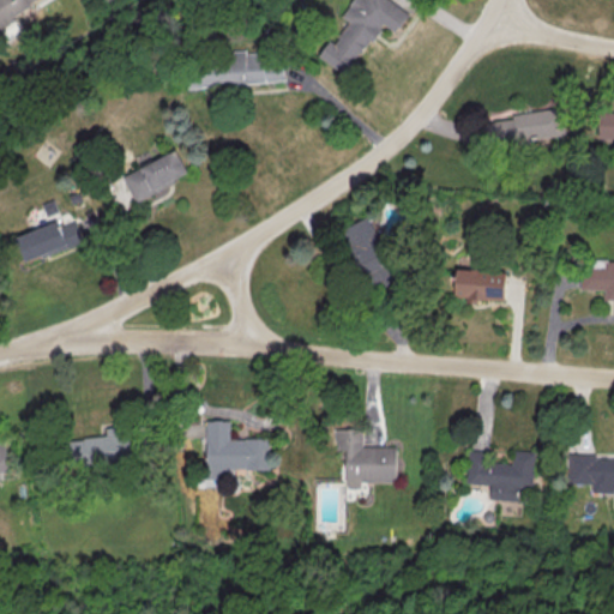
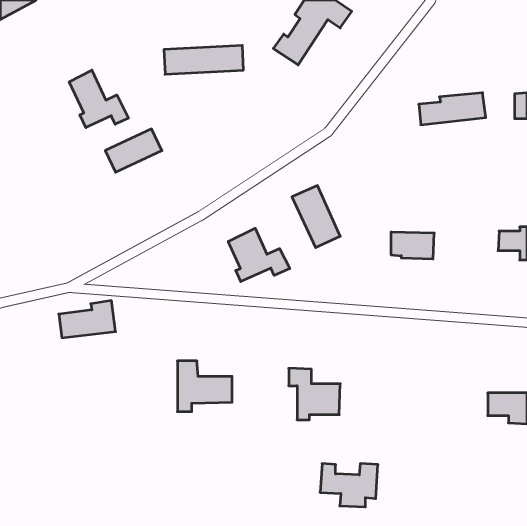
building: none -> [69,70,128,128]
building: [16,223,83,261] -> none
building: none -> [228,228,290,282]
building: [68,426,134,469] -> [59,301,116,338]
building: [466,451,534,501] -> [320,464,378,507]

